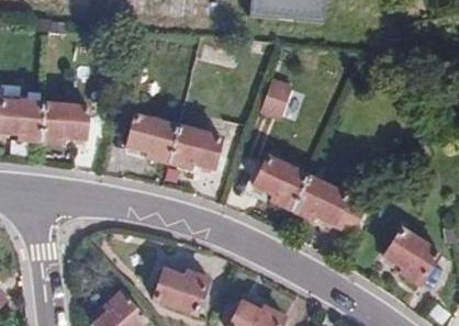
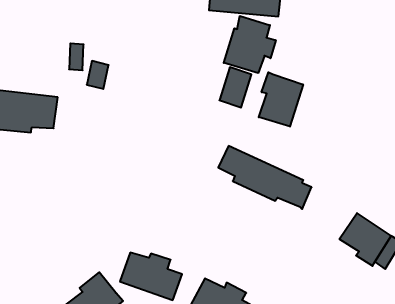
building: none -> [224,16,276,73]
building: none -> [259,72,303,127]
building: [126,113,236,171] -> none

